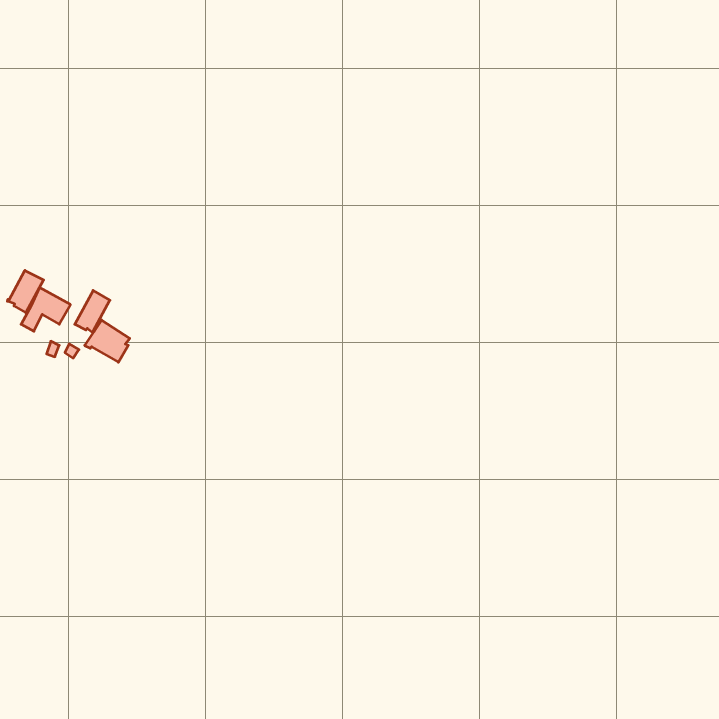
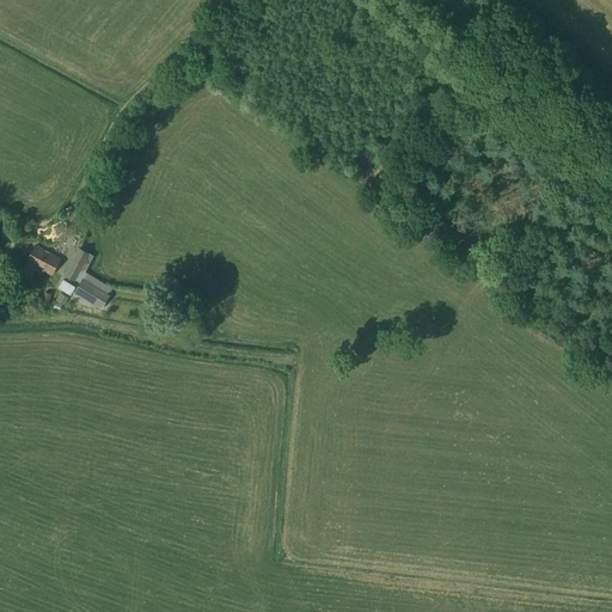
building: [7,270,44,313] -> none

